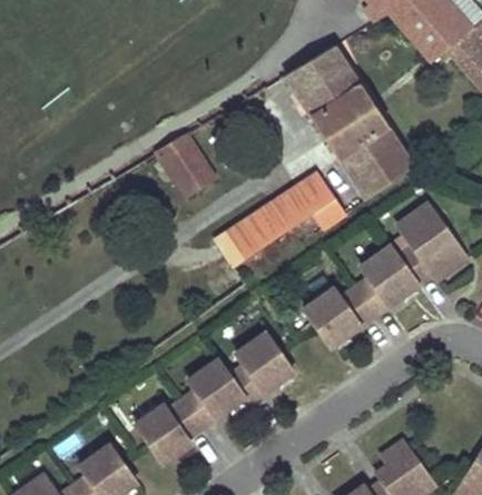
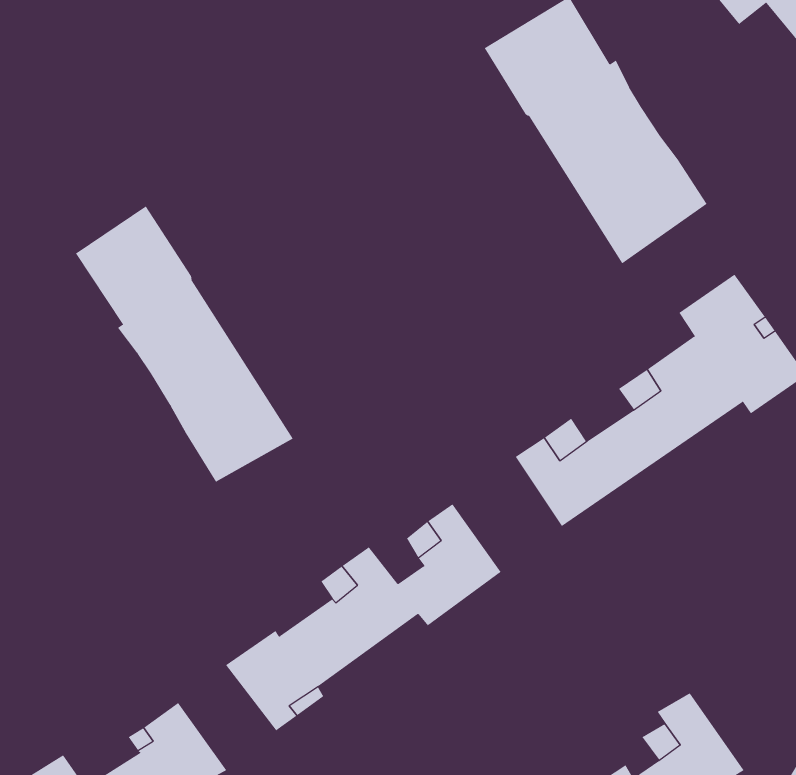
building: [156,131,217,195] -> none
building: none -> [75,206,293,482]
building: [215,170,344,265] -> none

